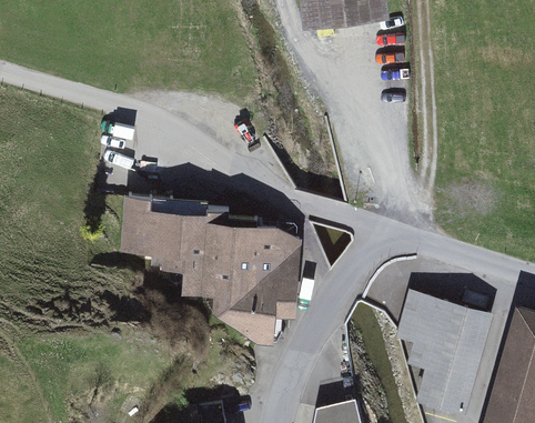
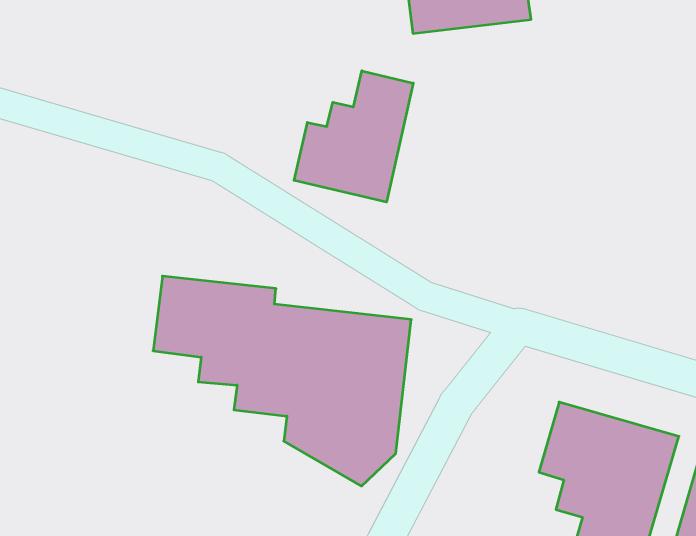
building: none -> [294,71,413,202]

